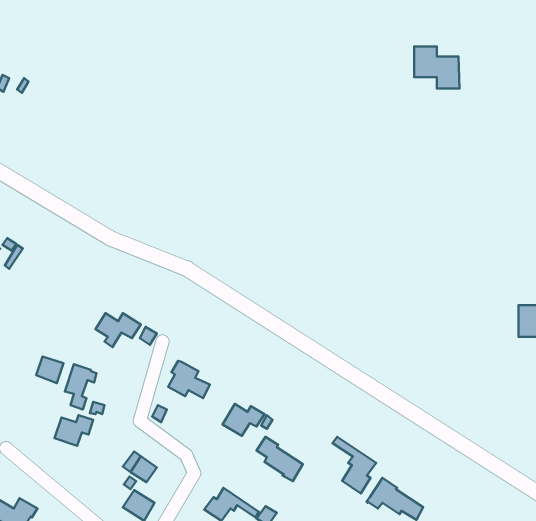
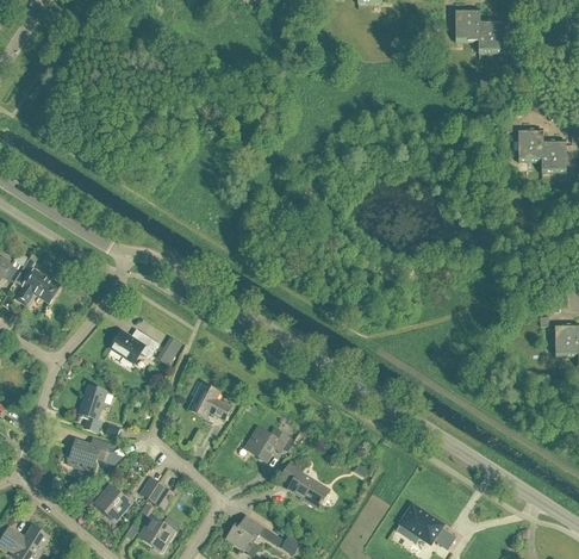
building: [414,46,460,88] -> [455,8,503,52]
building: none -> [518,128,565,173]
building: none -> [15,269,61,305]
building: [36,357,63,383] -> none
building: [333,437,376,494] -> none
building: none -> [95,485,130,518]

